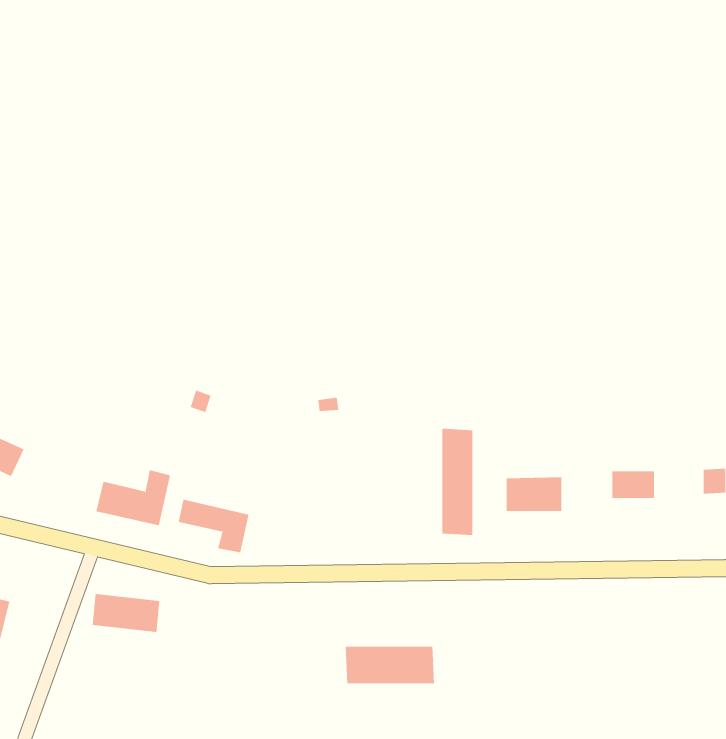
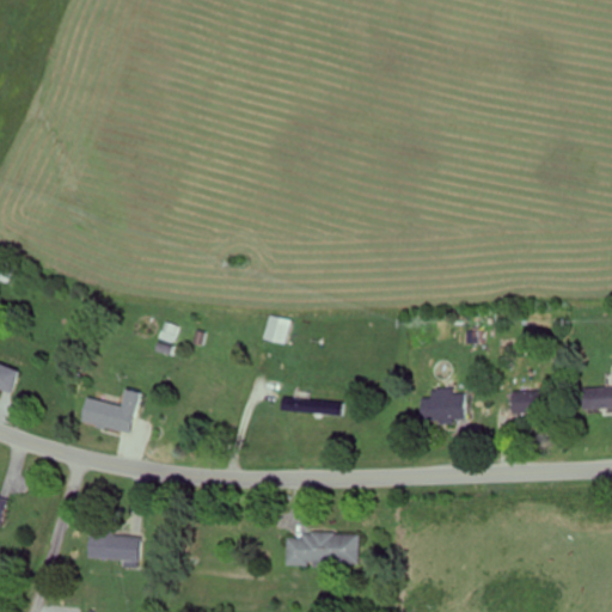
building: [442,428,473,536] -> none
building: [178,499,249,553] -> none
building: [92,593,160,633] -> [88,531,145,563]

